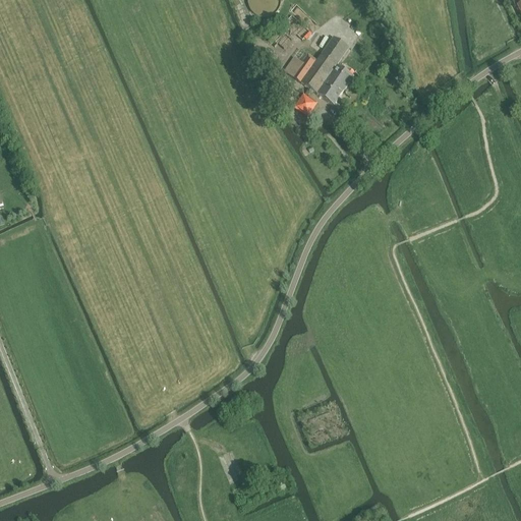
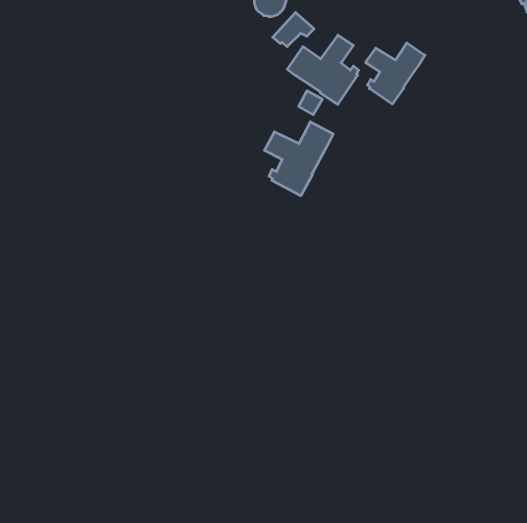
building: none -> [366,43,425,104]
building: none -> [264,122,333,196]

